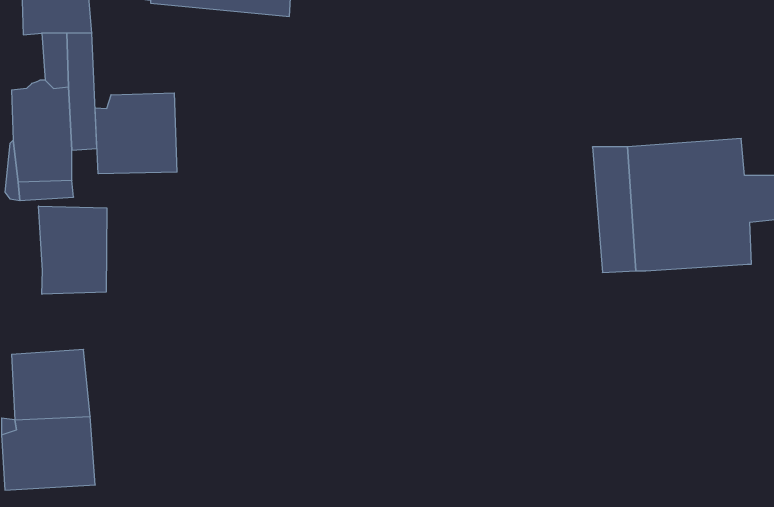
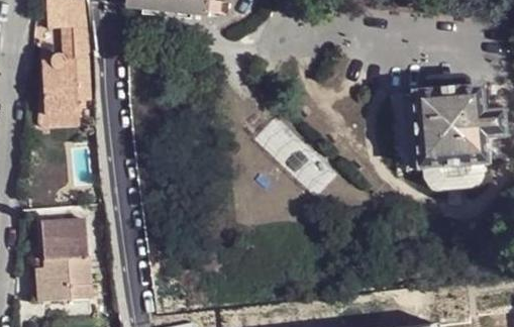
building: [95,93,177,174] -> none
building: [39,206,107,294] -> none
building: none -> [426,164,488,190]

